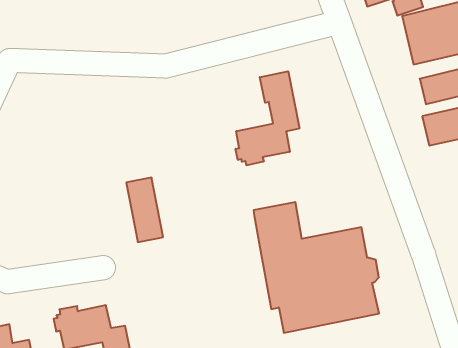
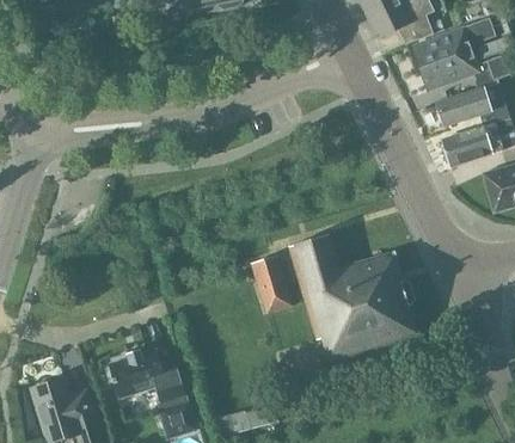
building: [236,71,299,165] -> none
building: [126,178,163,242] -> [251,253,292,316]

